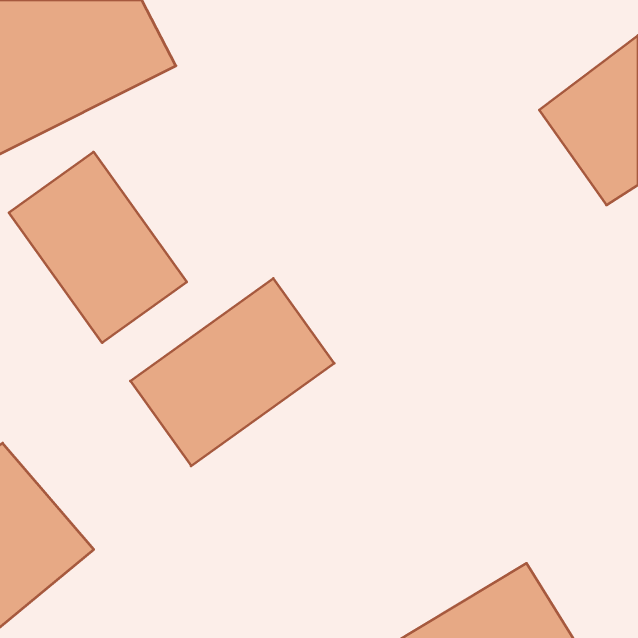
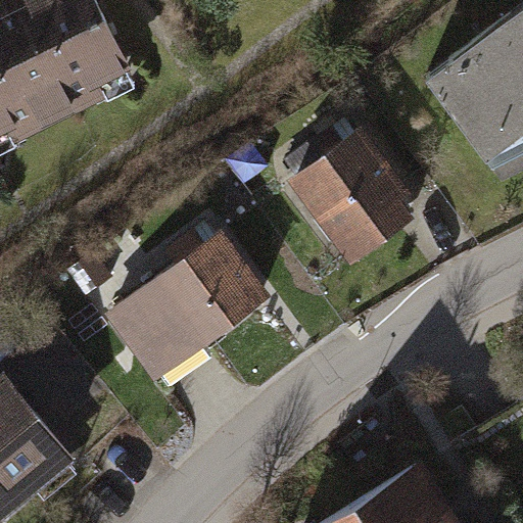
building: none -> [288,125,425,263]
building: [9,152,187,343] -> none

